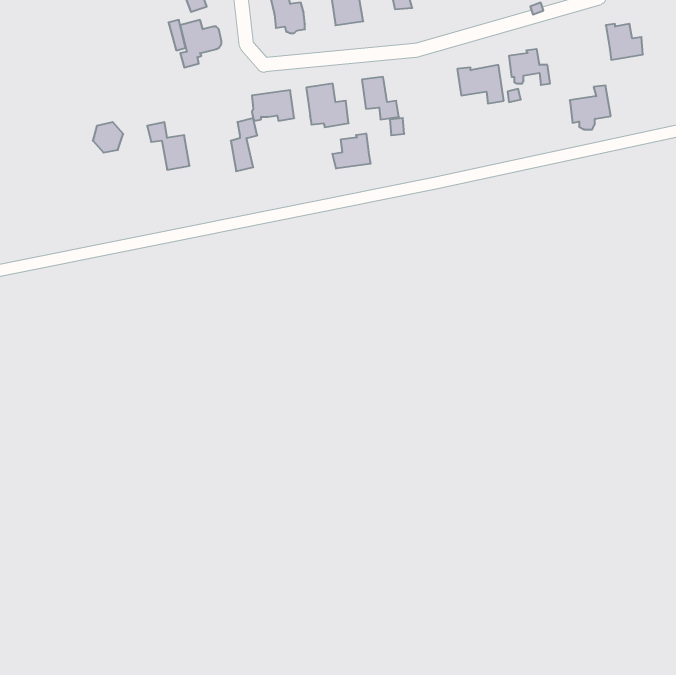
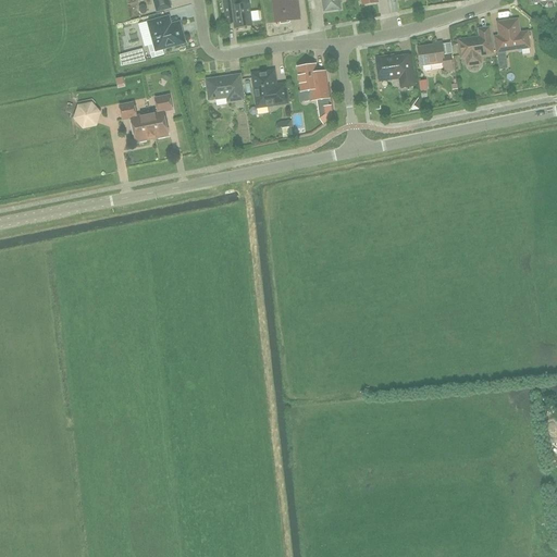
building: [570,86,611,129] -> [458,26,492,62]
building: [231,118,257,171] -> [151,92,173,136]
building: [332,133,371,169] -> none

